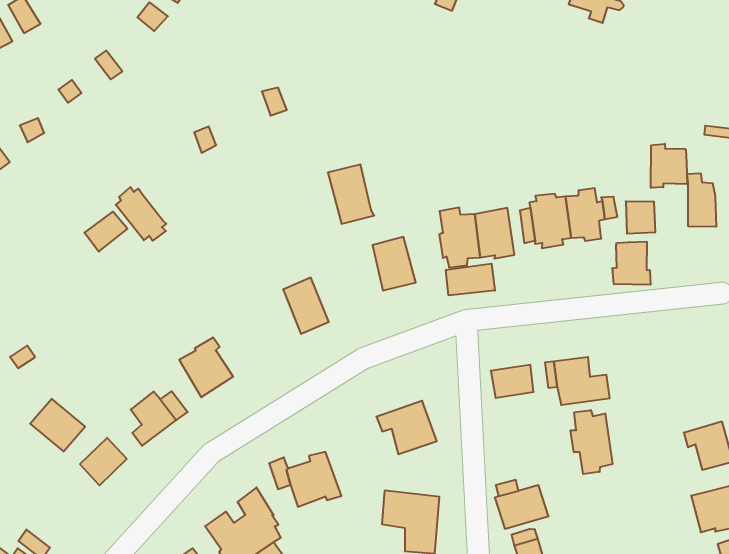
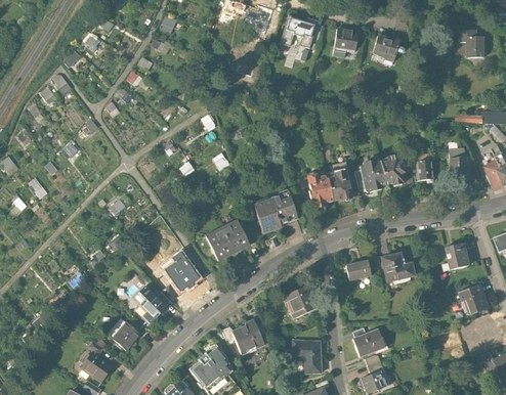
building: [651,144,687,188] -> none
building: [328,165,374,224] -> [253,199,282,233]
building: [116,187,166,241] -> none
building: [612,242,651,285] -> none
building: [446,264,495,295] -> none
building: none -> [206,228,235,260]
building: none -> [444,243,470,270]
building: [30,399,85,451] -> [81,351,113,381]
building: [571,410,612,474] -> none

